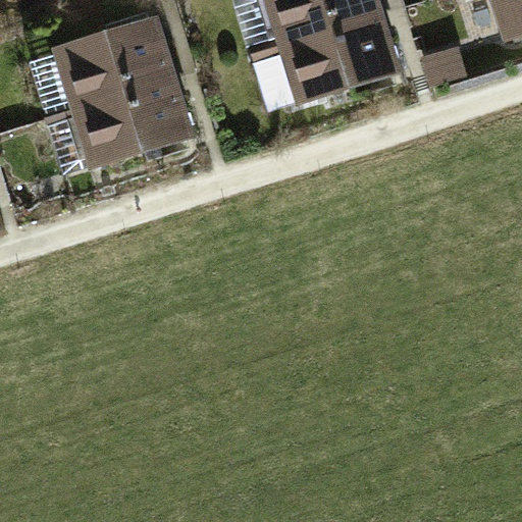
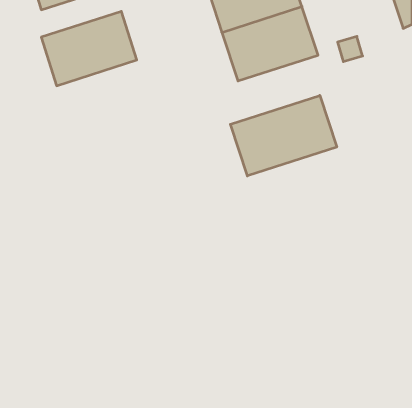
building: [50,75,193,176] -> none
building: none -> [230,95,337,176]

